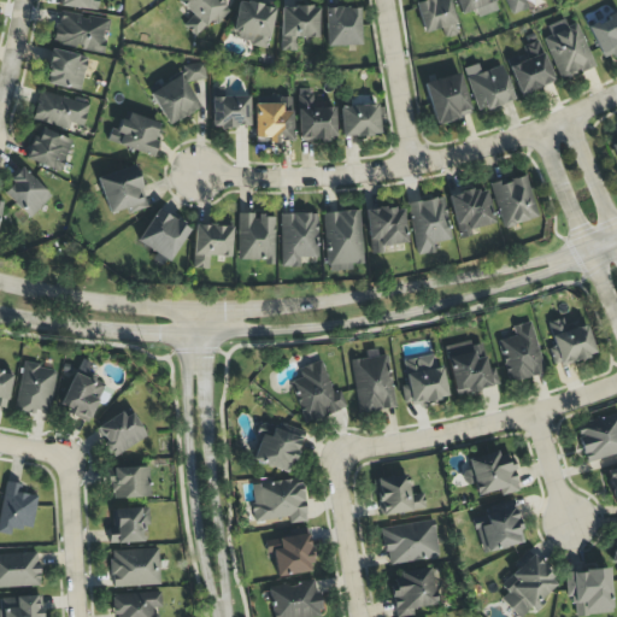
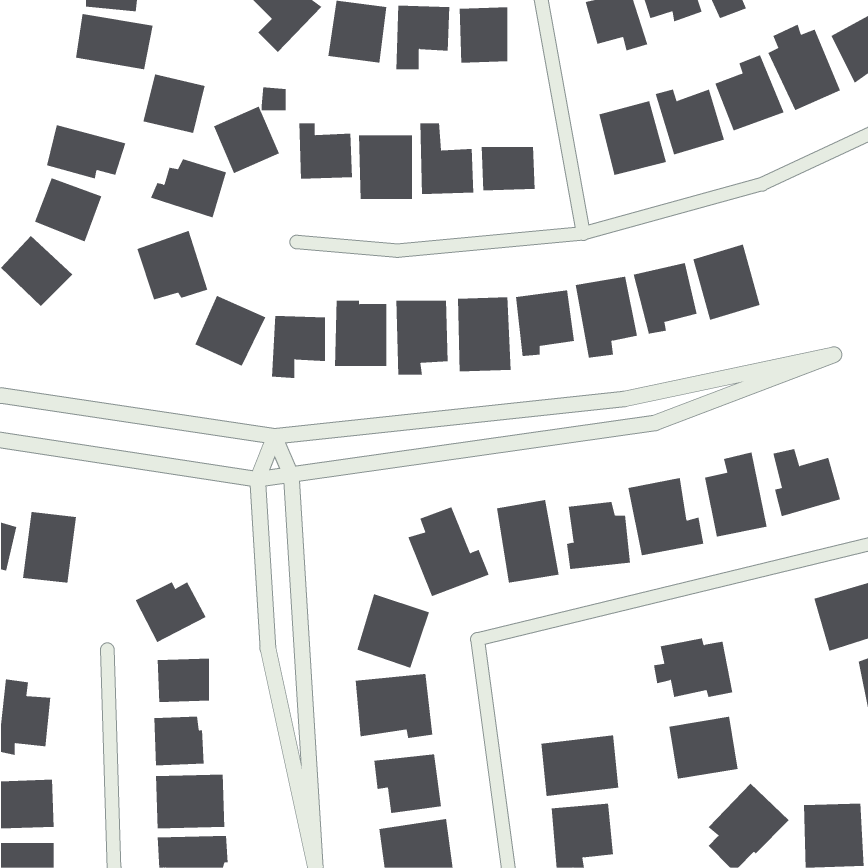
building: [46,47,90,89] -> [143,74,206,134]
building: [61,370,107,422] -> none
building: [376,474,427,512] -> none

